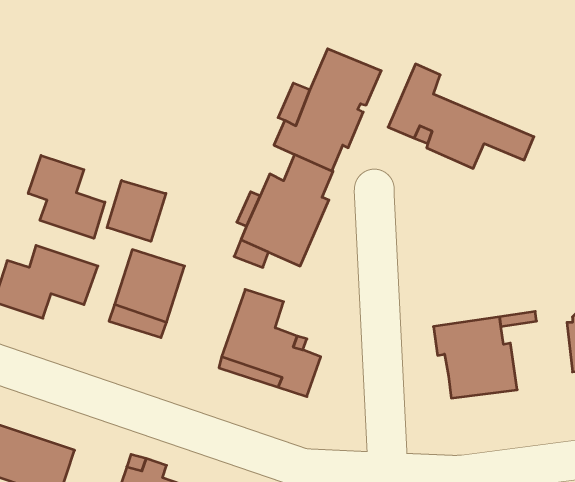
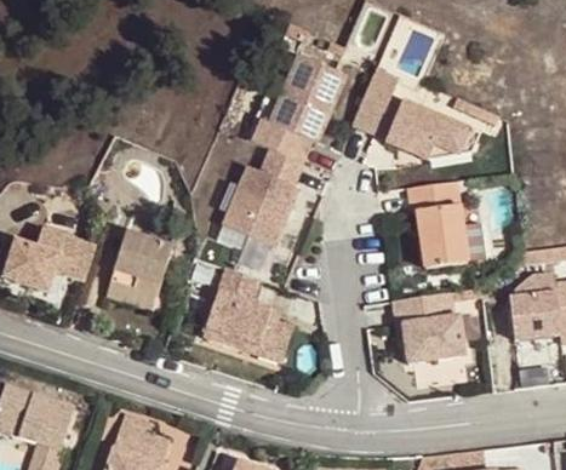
building: [28,155,105,238] -> none
building: [107,180,166,241] -> none
building: none -> [407,179,468,266]

